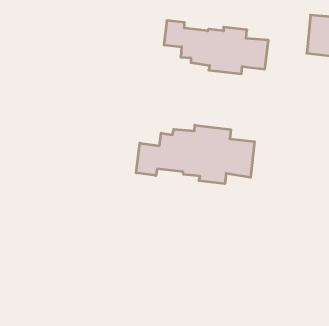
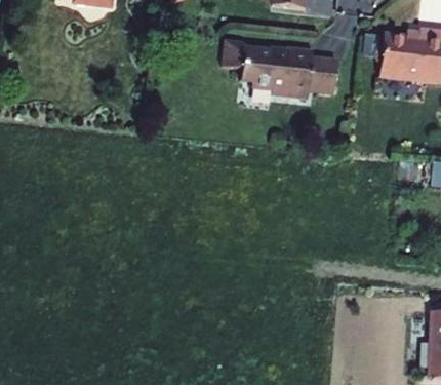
building: [136,125,254,184] -> none

